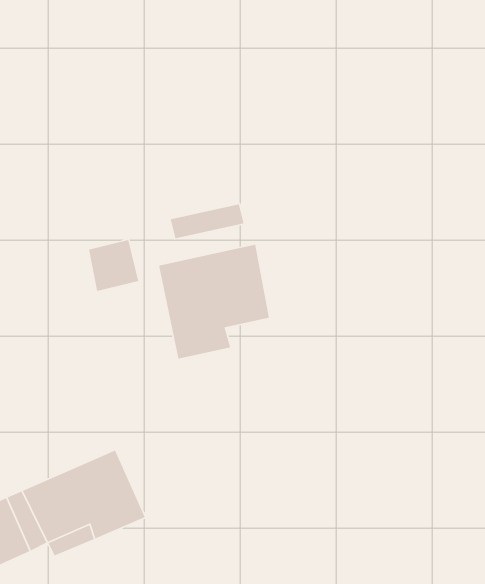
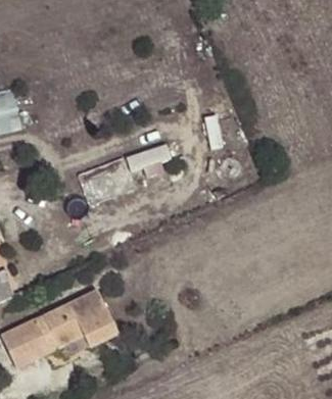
building: [158,244,270,360] -> none

